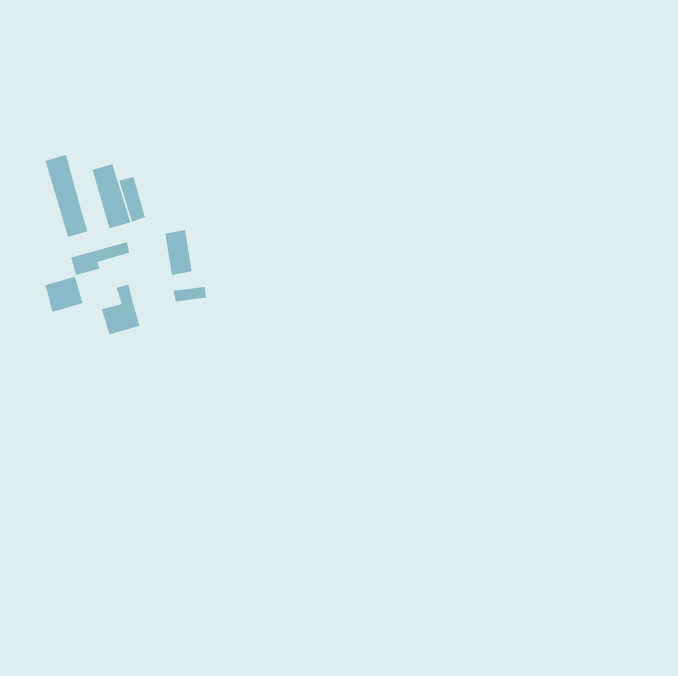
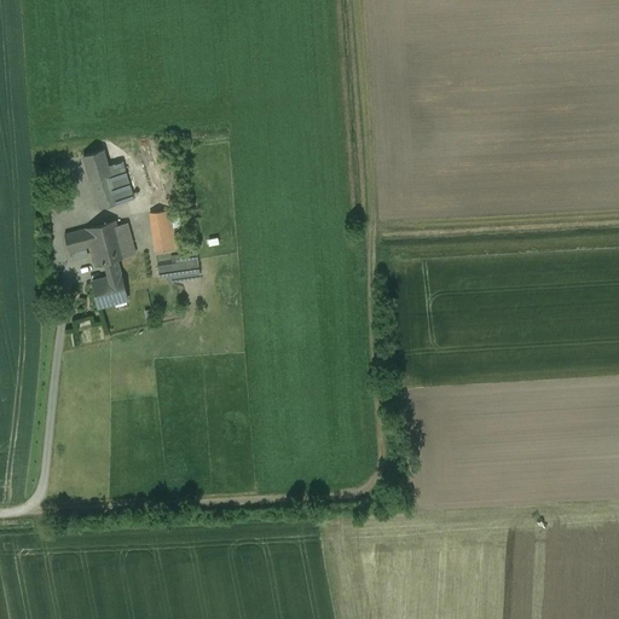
building: [45,154,88,238] -> none
building: [44,276,84,313] -> [89,232,126,266]

